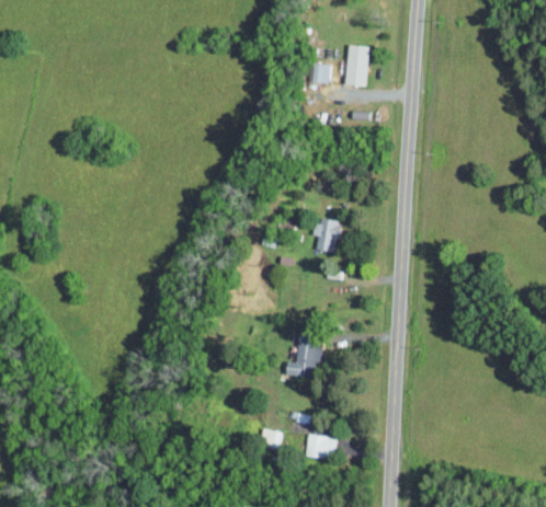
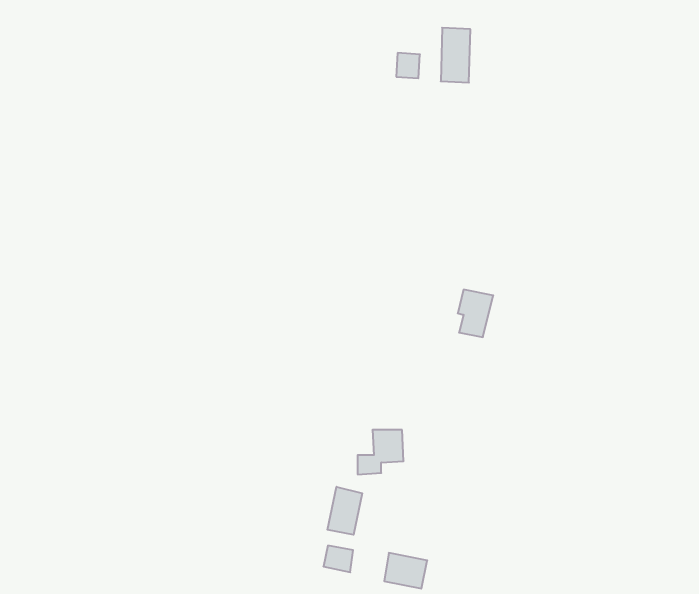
building: [315,217,341,252] -> [458,290,493,337]
building: none -> [327,487,362,535]

